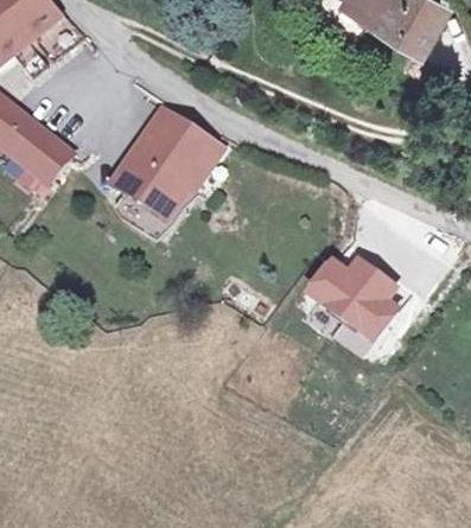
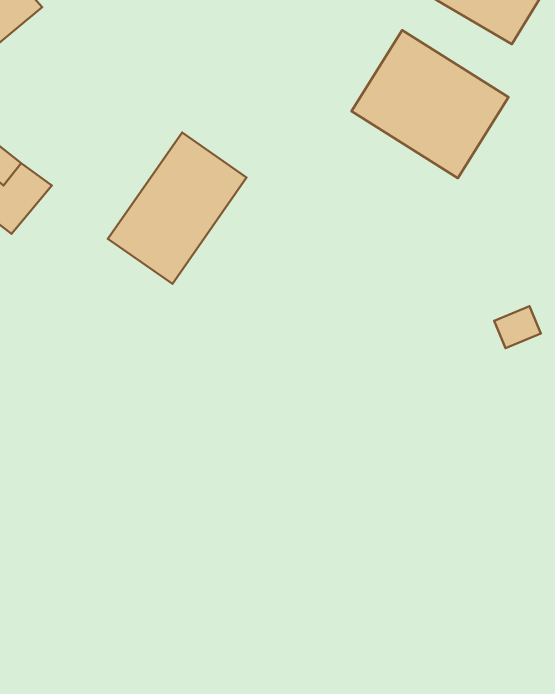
building: none -> [351,30,508,178]
building: [308,261,396,341] -> none

